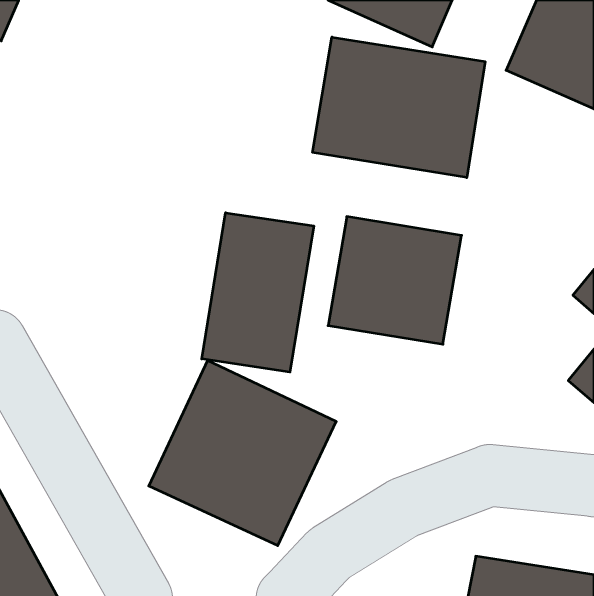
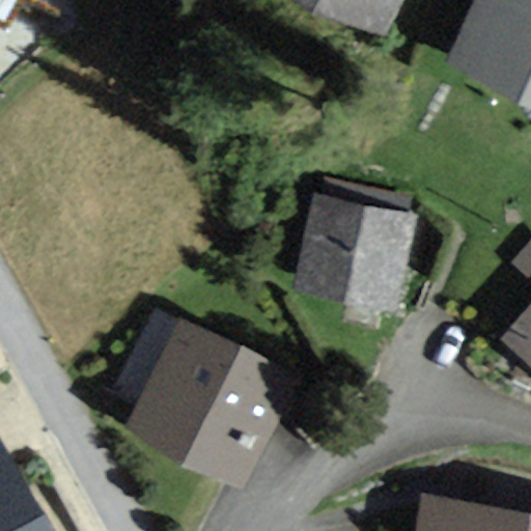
building: [313,37,485,178] -> none
building: [202,213,314,372] -> none

